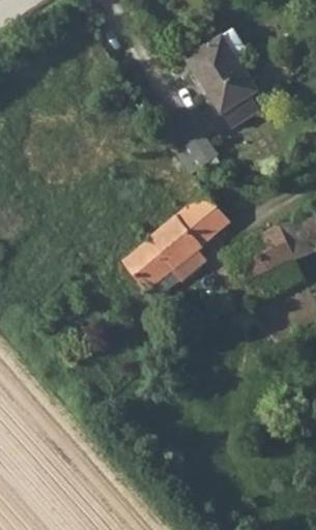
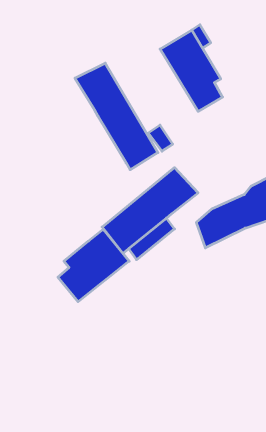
building: none -> [75,63,158,170]
building: none -> [58,229,129,302]

